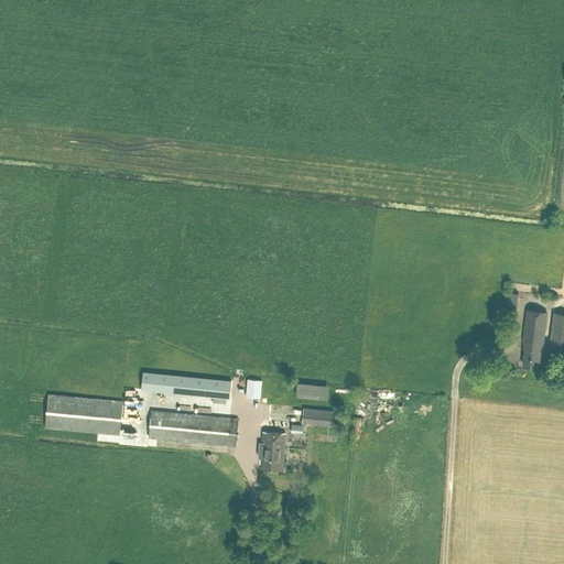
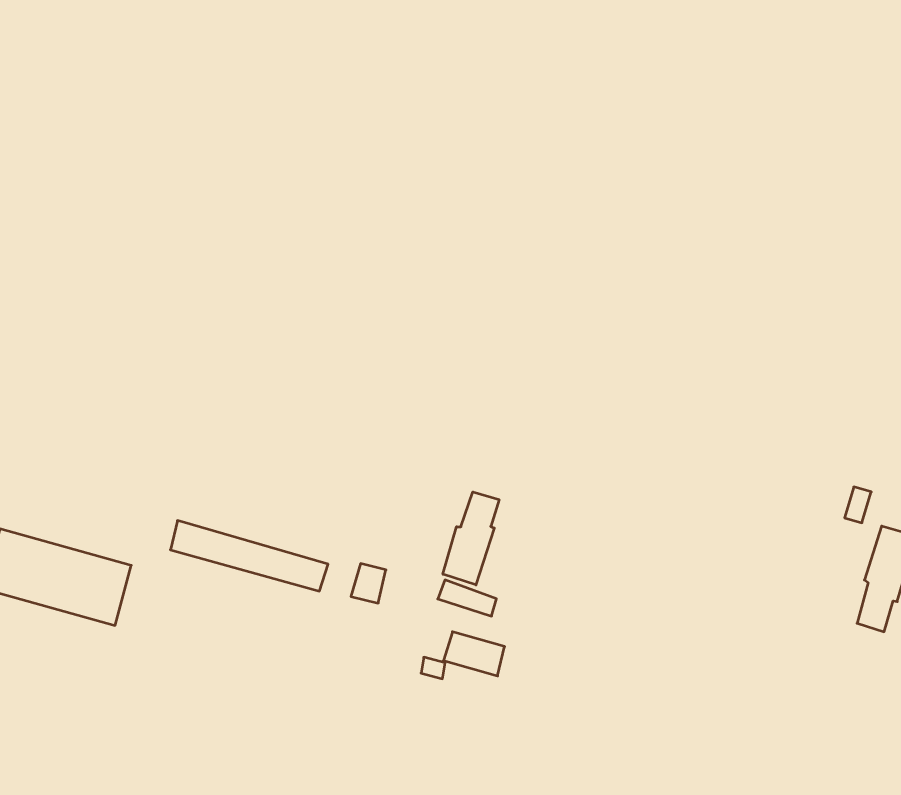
building: none -> [443,492,499,585]
building: [148,410,238,447] -> none
building: [262,432,285,470] -> none

